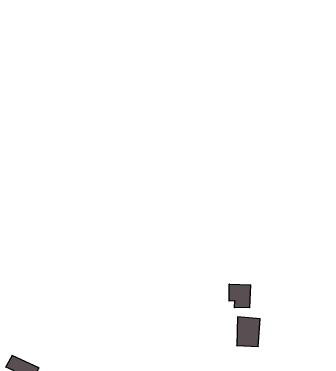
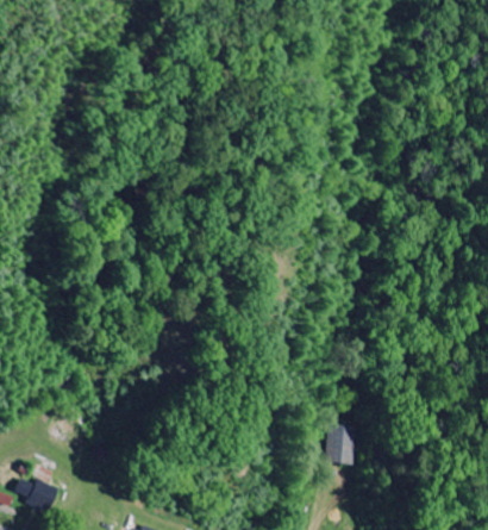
building: [229,284,251,308] -> none

